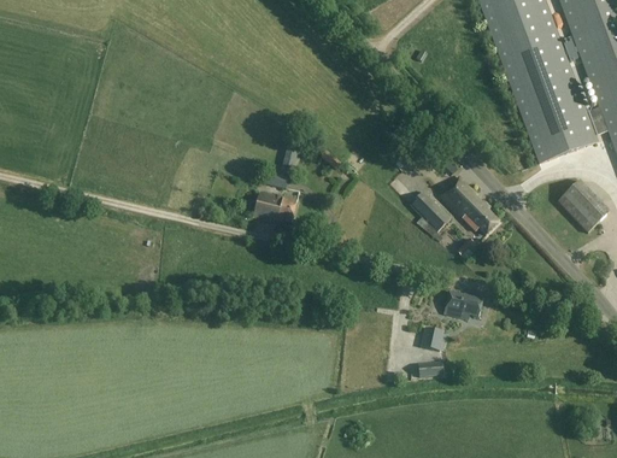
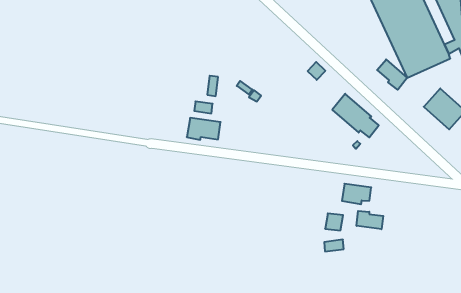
building: none -> [377,59,407,90]
building: [410,189,452,231] -> none
building: none -> [357,211,383,229]

